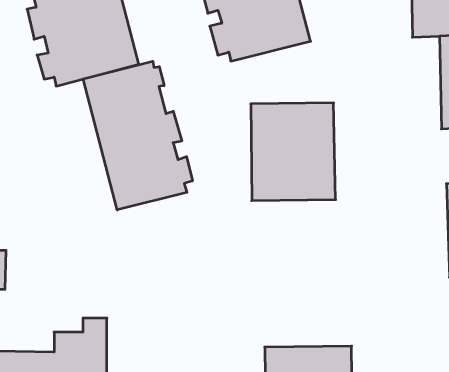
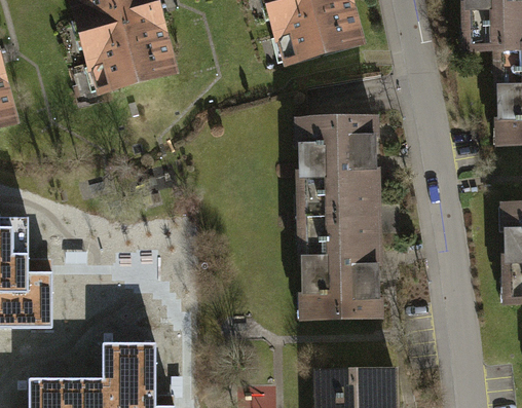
building: [83,61,192,210] -> none
building: none -> [300,218,387,319]

